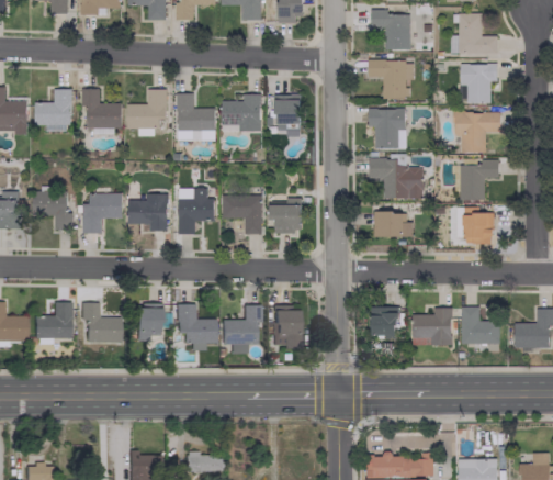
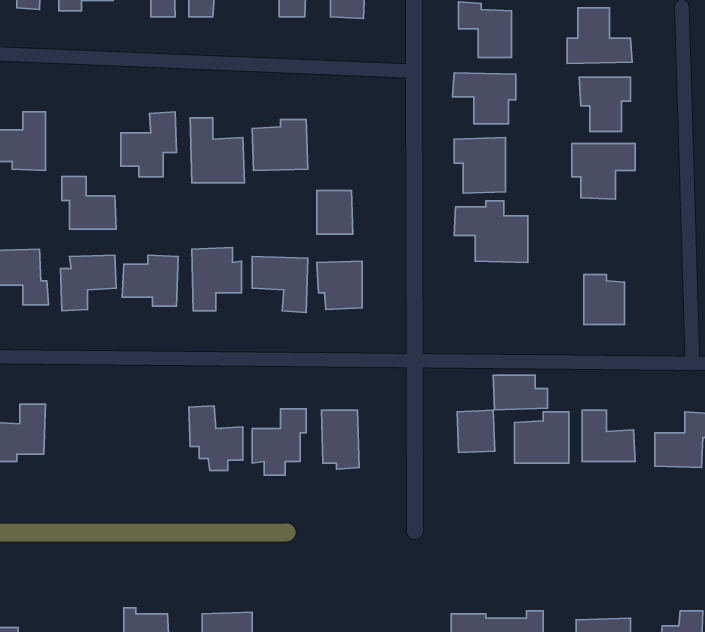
building: [82,89,122,127] -> [62,176,116,229]
building: [275,94,302,126] -> [317,190,353,234]
building: [460,160,499,200] -> none
building: [373,212,413,237] -> [493,375,547,410]
building: [81,302,121,343] -> none
building: [136,303,160,342] -> none

